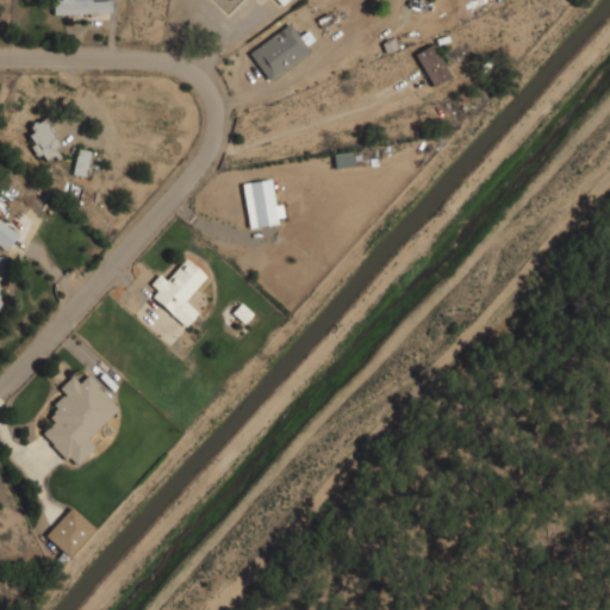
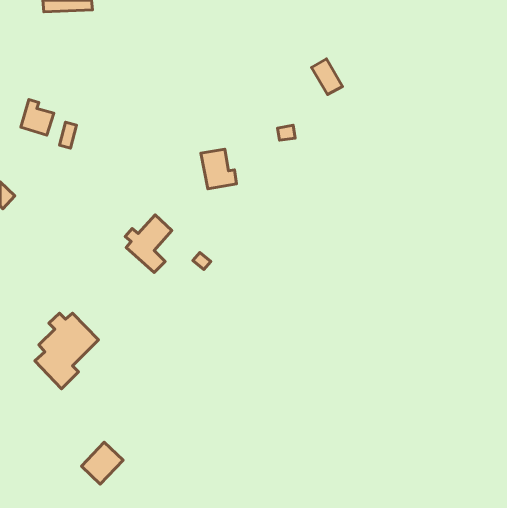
building: [250,24,310,79] -> none
building: [415,43,452,86] -> [312,59,342,94]
building: [45,506,95,556] -> [81,442,123,484]

